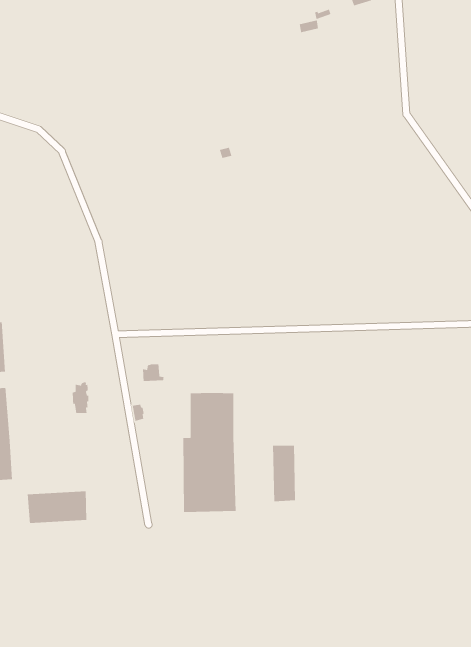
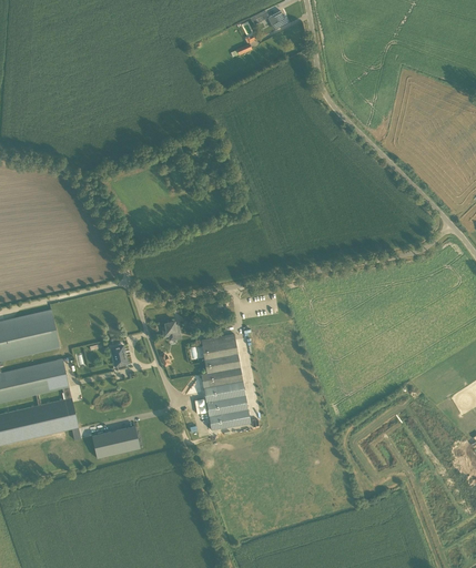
building: [272,445,296,502] -> none

